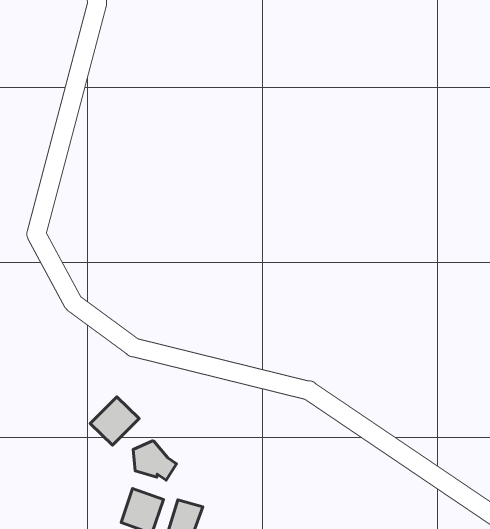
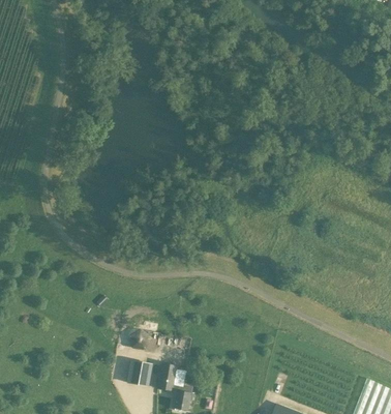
building: [90,397,139,445] -> none

